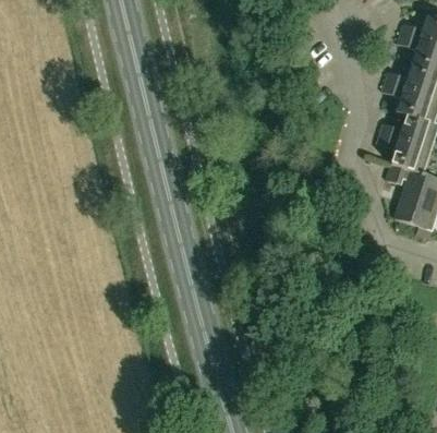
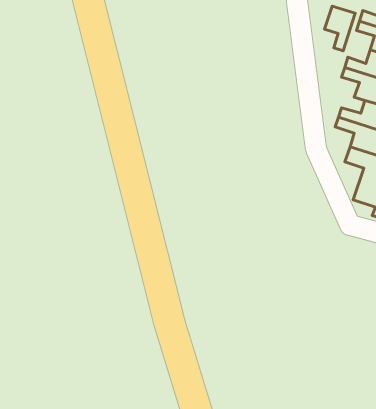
building: none -> [325,6,355,51]

